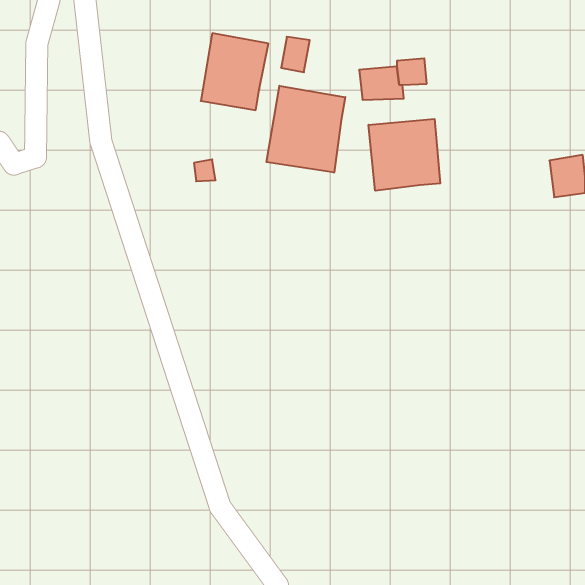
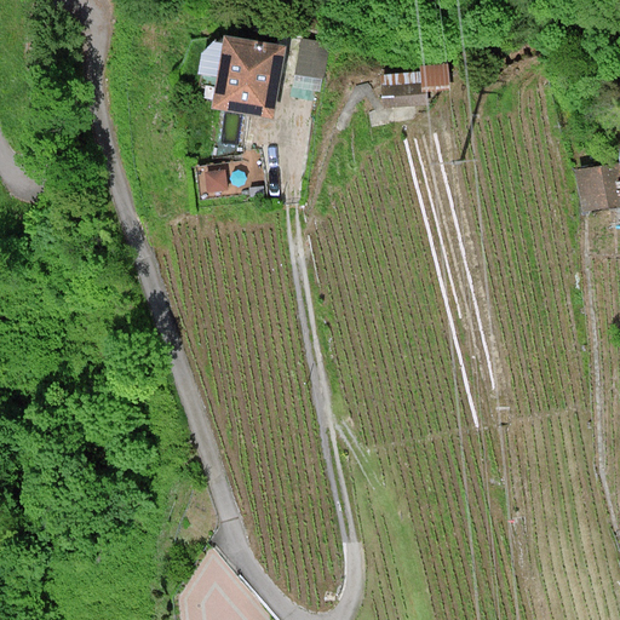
building: [266,86,345,173] -> none
building: [369,119,440,191] -> none

